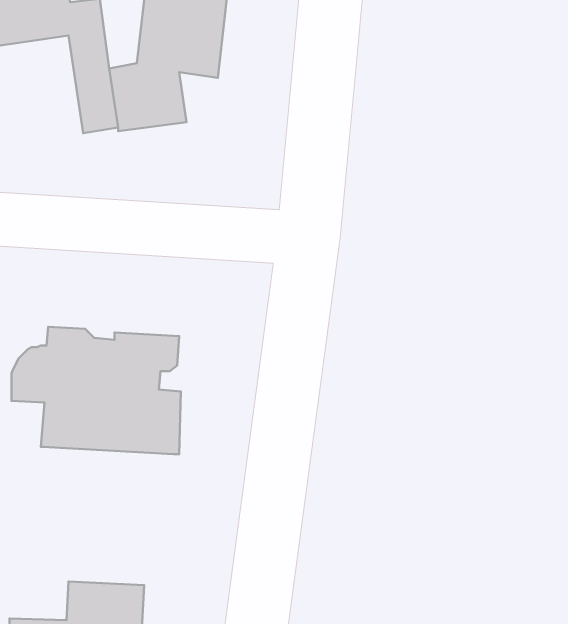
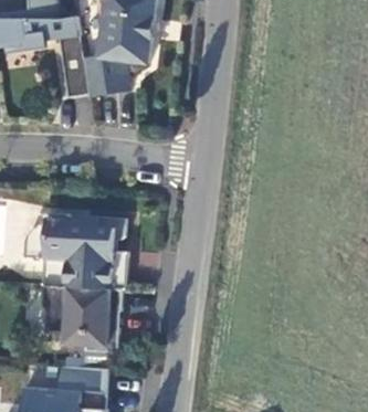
building: none -> [42,285,122,351]

